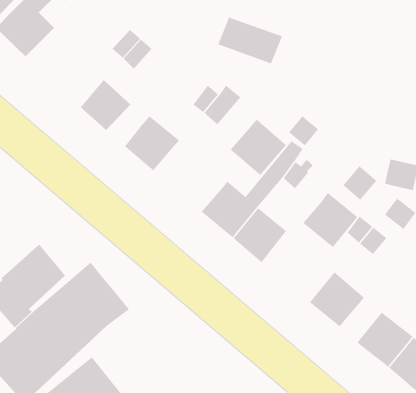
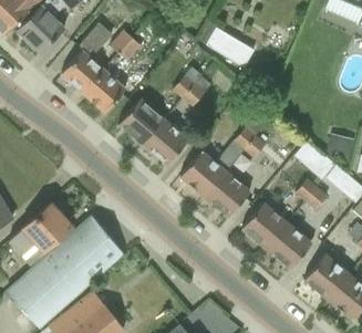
building: none -> [61,24,111,93]
building: [230,119,287,176] -> [142,119,187,165]
building: [302,192,358,248] -> [241,204,286,248]

